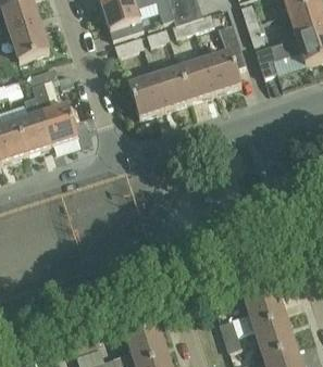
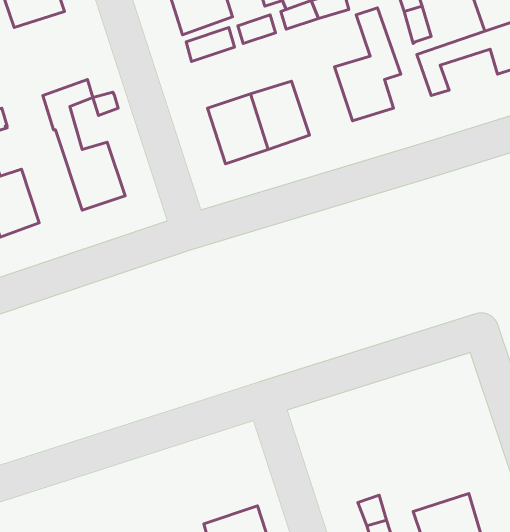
building: [11,26,50,61] -> none
building: [179,60,216,101] -> none
building: [15,98,52,154] -> none
building: [244,287,287,329] -> none

